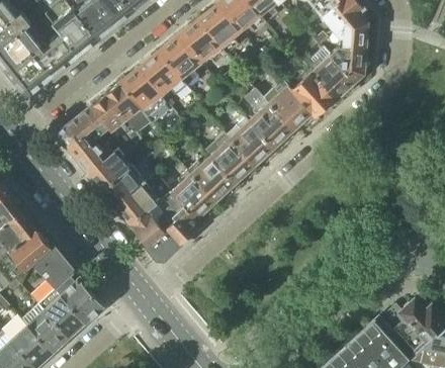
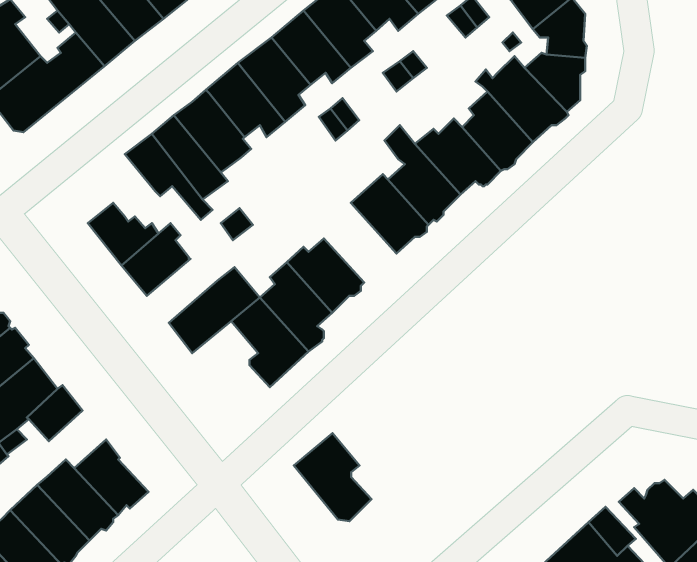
building: [59,105,108,147] -> none
building: [209,134,253,182] -> none
building: [103,168,146,206] -> none
building: [130,205,177,258] -> [294,433,371,521]
building: [44,259,79,293] -> none

